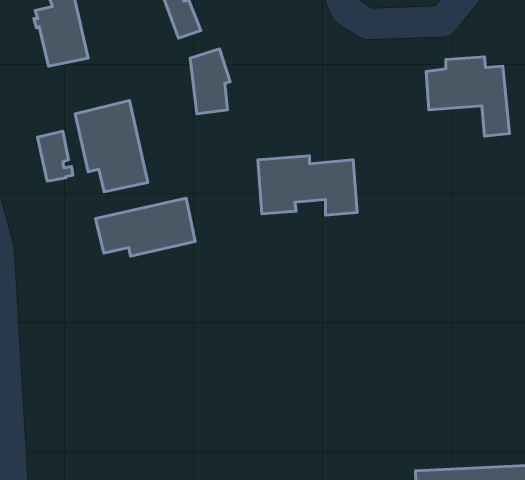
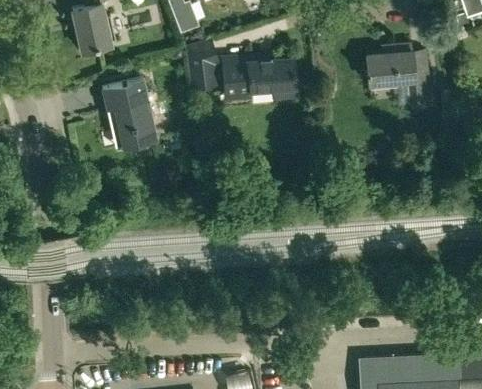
building: [37,131,73,181] -> none
building: [258,156,357,215] -> [222,56,297,101]
building: [95,198,195,256] -> none

